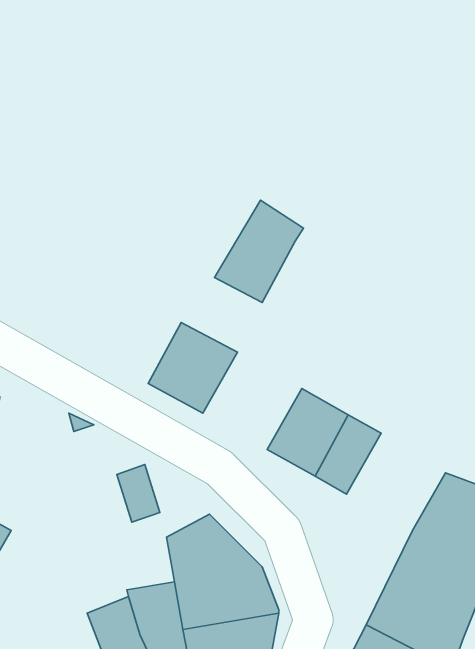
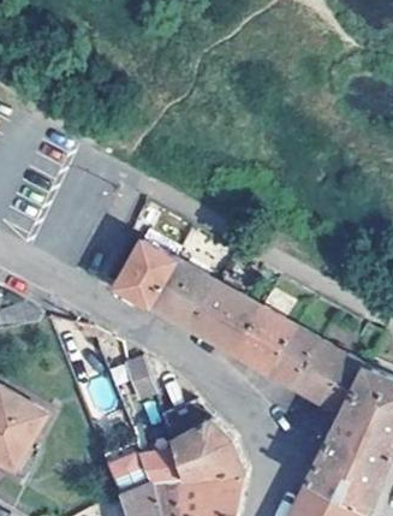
building: [214,200,304,302] -> [112,229,177,303]
building: none -> [186,280,258,351]
building: none -> [291,339,364,410]

